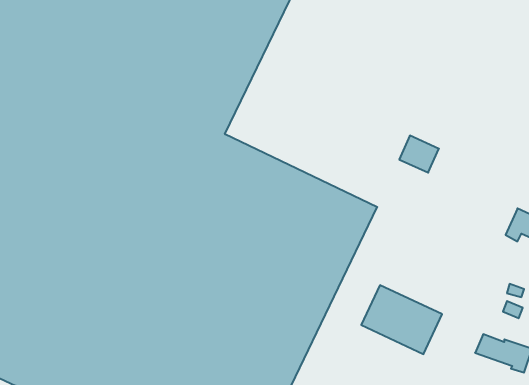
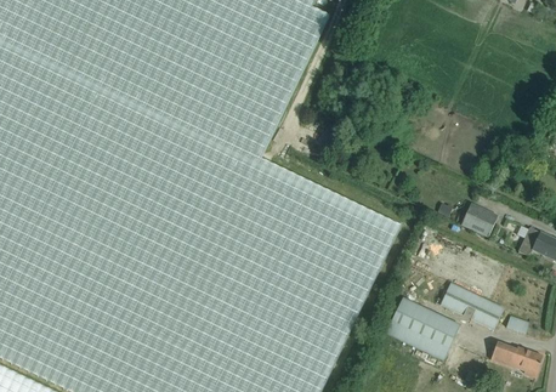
building: [399,136,439,173] -> [461,204,498,238]
building: none -> [441,283,505,330]

